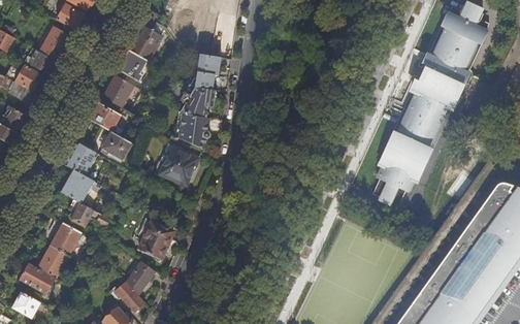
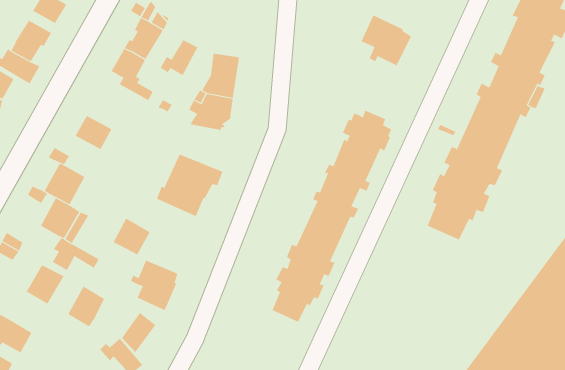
building: none -> [361,15,412,66]
building: none -> [160,40,198,76]
building: [103,75,133,107] -> none
building: none -> [272,110,392,323]
building: [181,112,212,149] -> none
building: [101,132,131,162] -> [113,218,150,255]
building: [38,246,68,279] -> [68,286,105,327]

